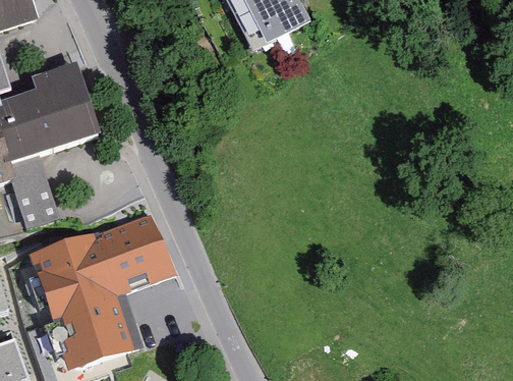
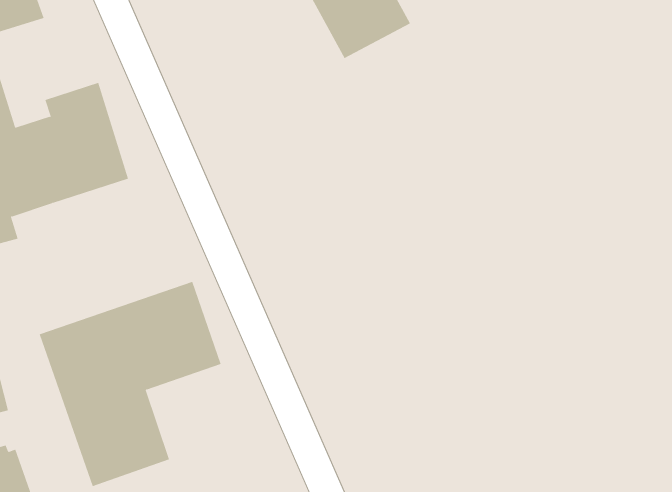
building: [10,155,61,226] -> none

